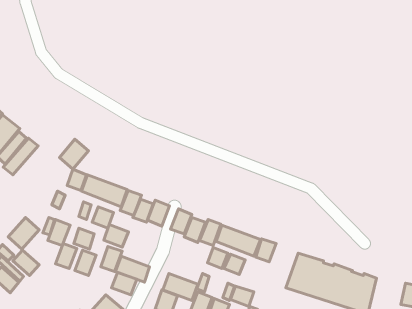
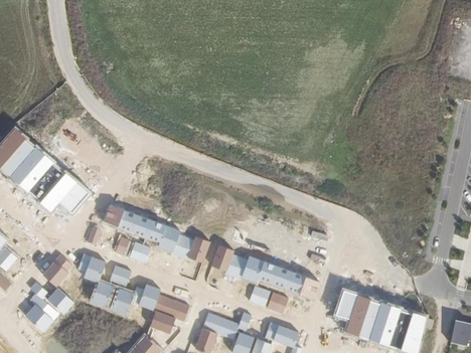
building: [59,139,88,169] -> [57,180,88,211]
building: [104,224,129,247] -> none

